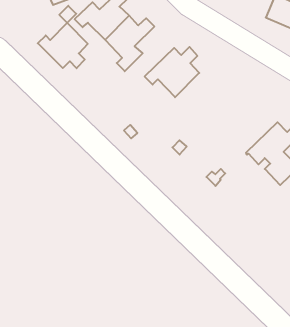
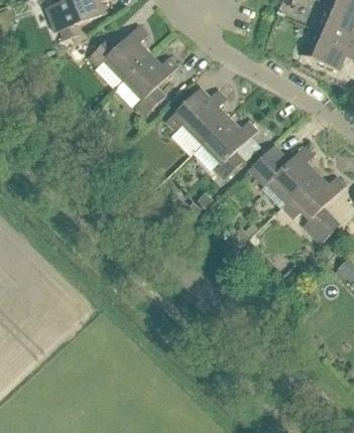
building: [38,23,88,68] -> none
building: none -> [203,118,258,179]
building: none -> [250,145,318,207]

